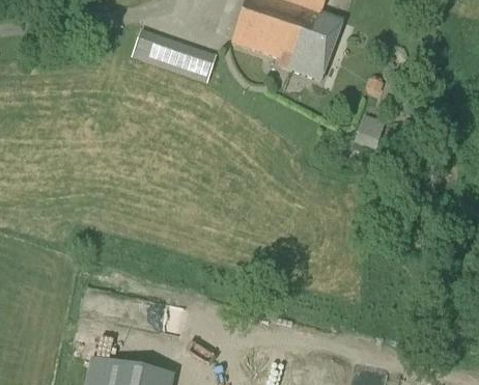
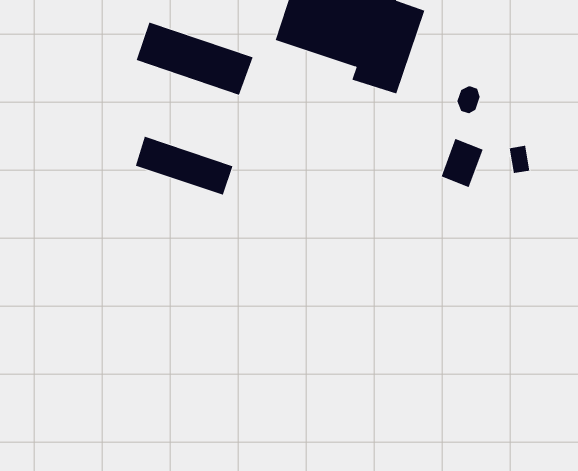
building: none -> [135,136,233,195]

